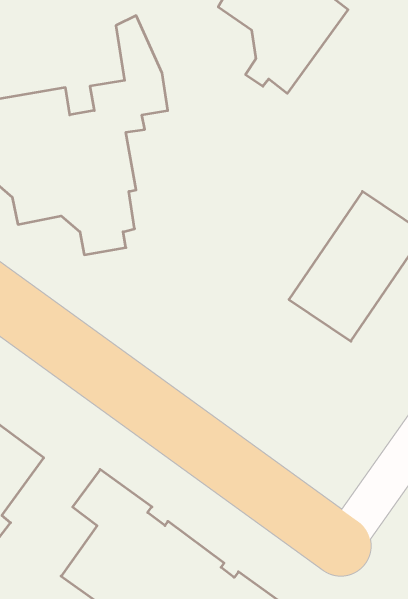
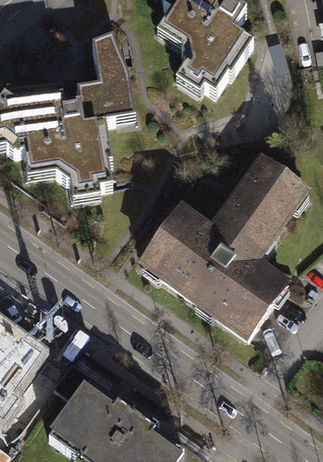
building: none -> [139,212,285,343]

